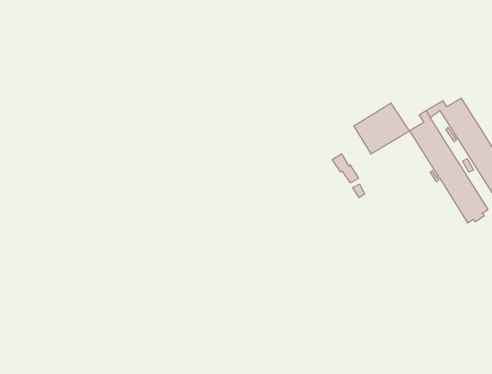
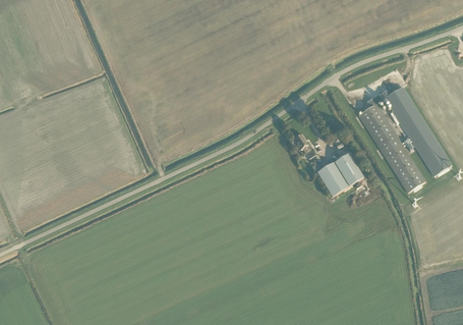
building: [354,103,409,154] -> [316,153,363,196]

